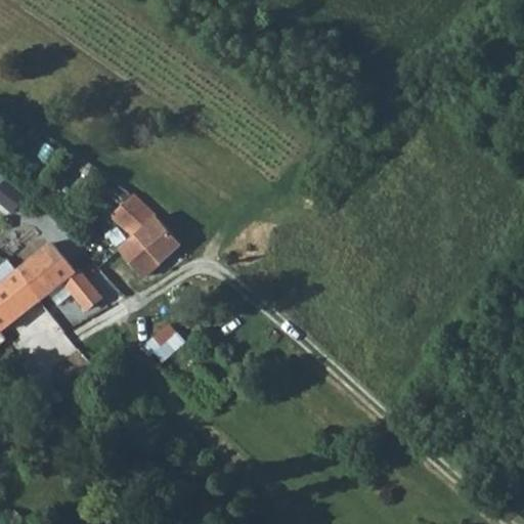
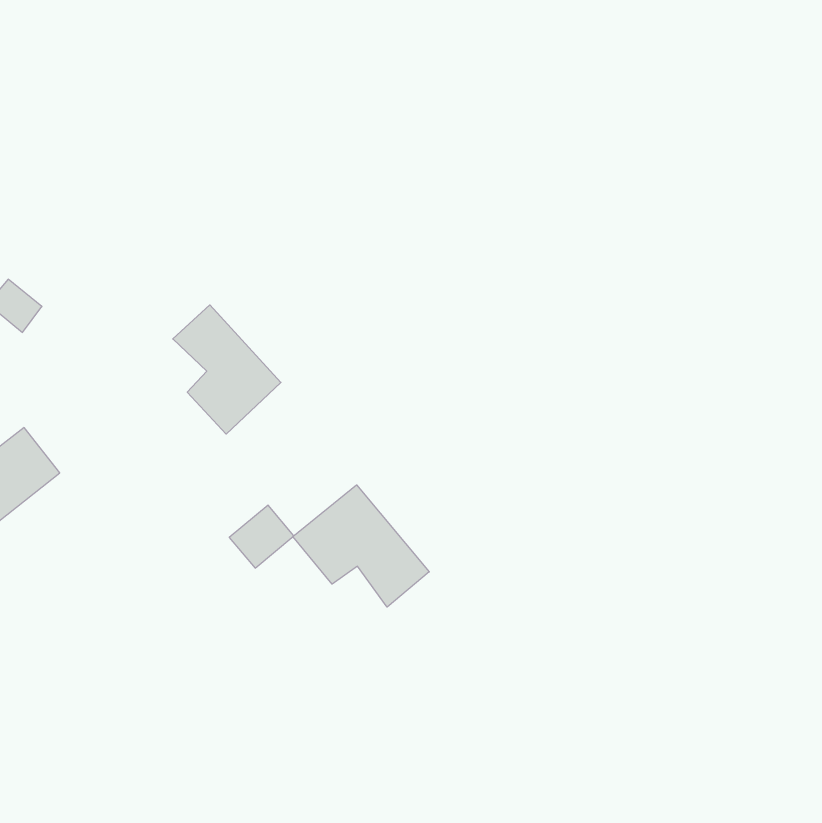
building: [15,243,99,309] -> none
building: none -> [293,485,429,607]

